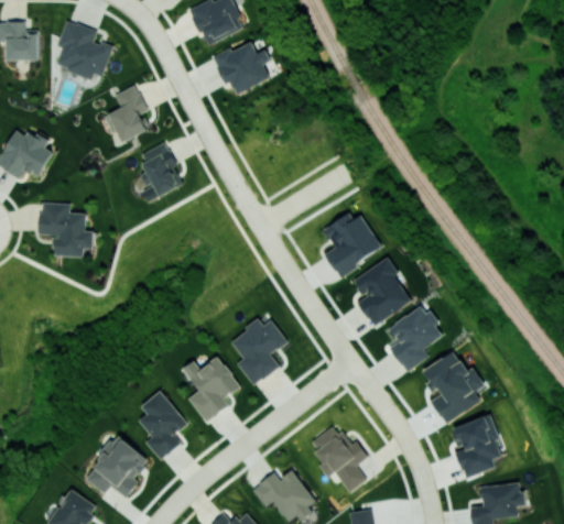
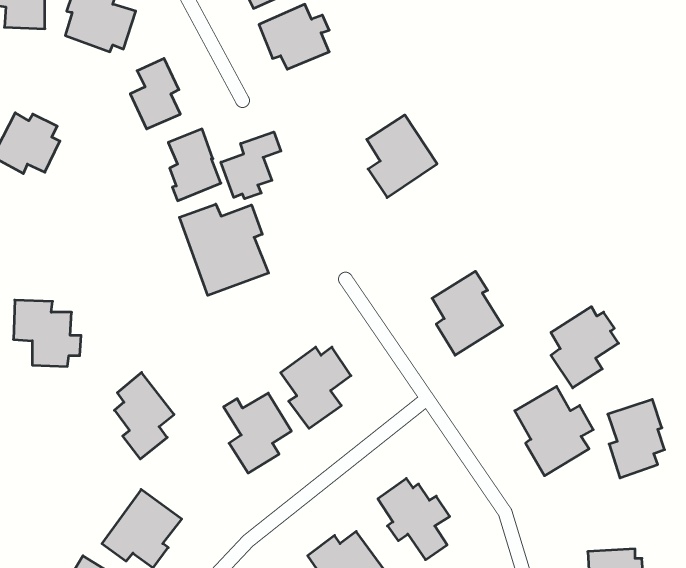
building: none -> [221,132,281,199]
building: [39,203,94,256] -> [13,300,81,366]
building: none -> [179,204,269,295]
building: [324,209,381,276] -> [367,115,437,198]
building: [388,306,443,372] -> [551,307,619,388]
building: [139,390,187,460] -> [114,372,174,459]
building: [455,415,501,479] -> [608,399,665,478]

